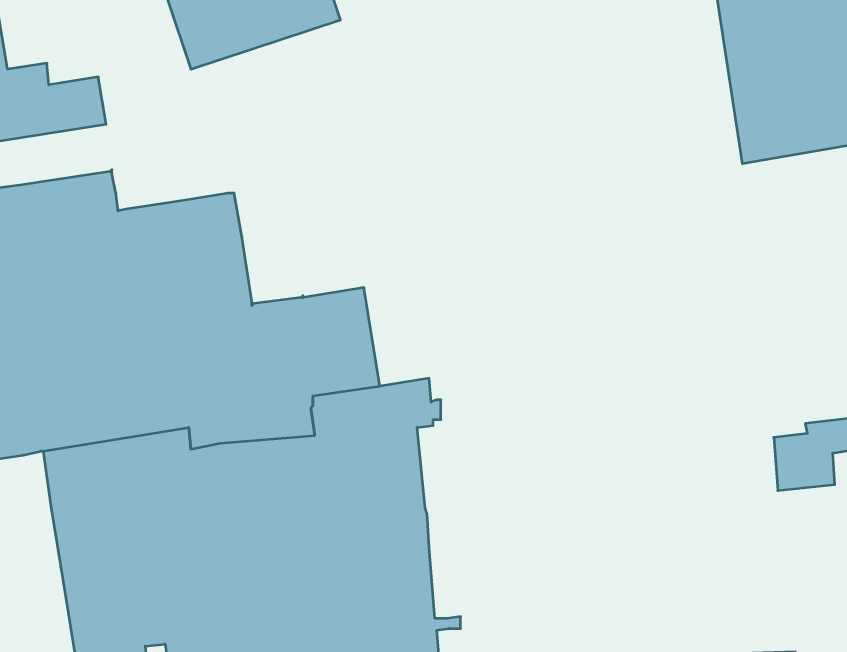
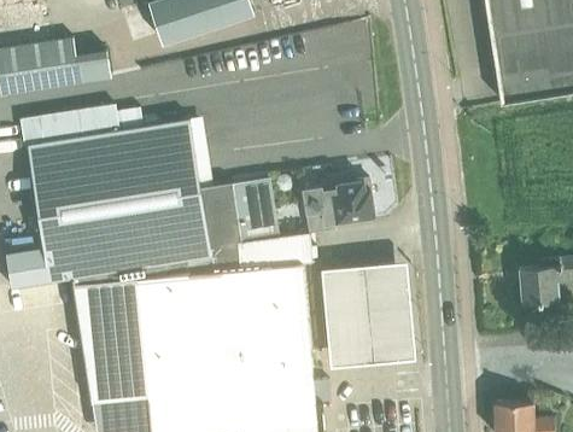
building: none -> [305,175,375,234]
building: none -> [323,256,417,361]

